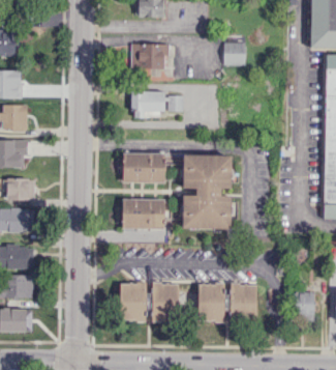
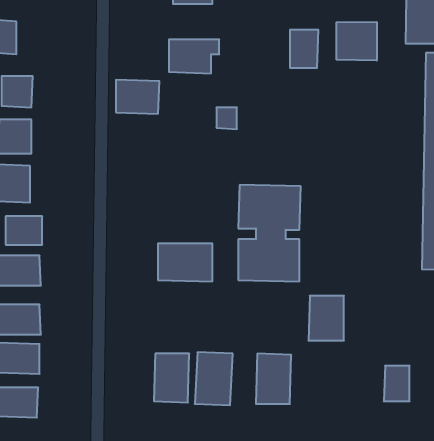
building: none -> [336,22,377,61]
building: [131,90,164,116] -> [116,80,159,114]
building: [123,153,164,182] -> none
building: [228,284,255,318] -> [308,296,344,341]

